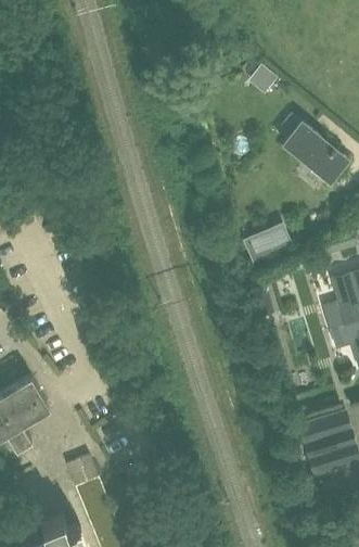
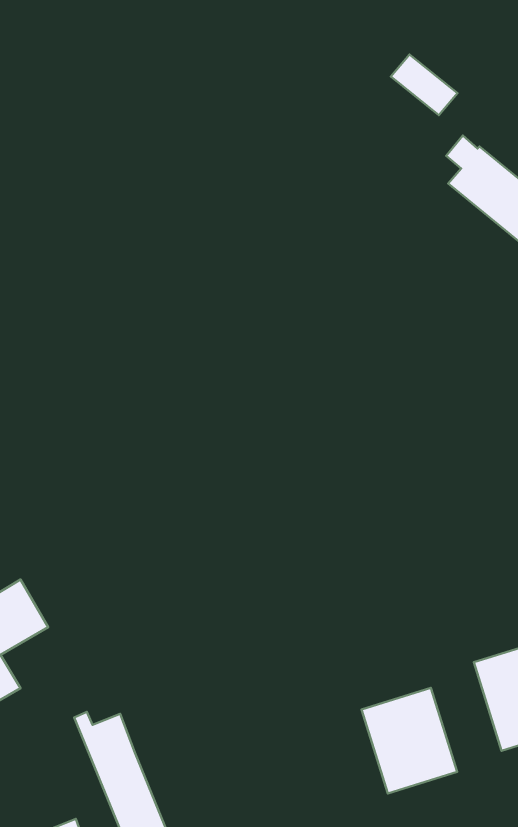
building: [243,222,292,263] -> none
building: none -> [362,688,457,794]

